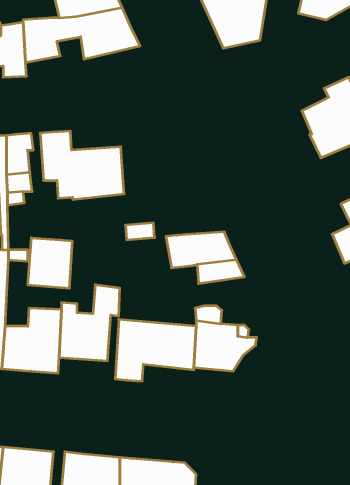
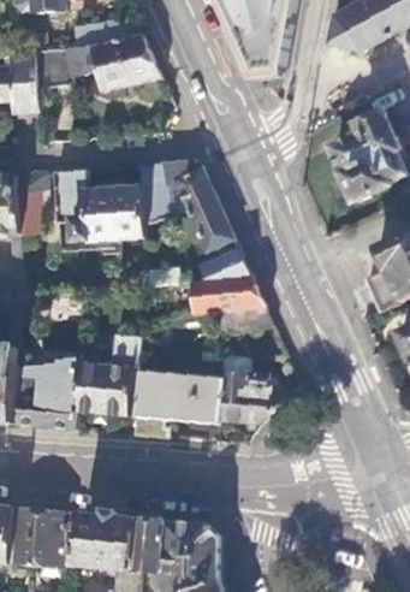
building: none -> [138,161,232,253]
building: none -> [195,247,250,282]
building: [28,238,72,288] -> none

